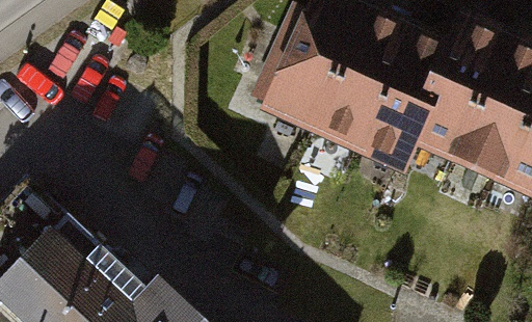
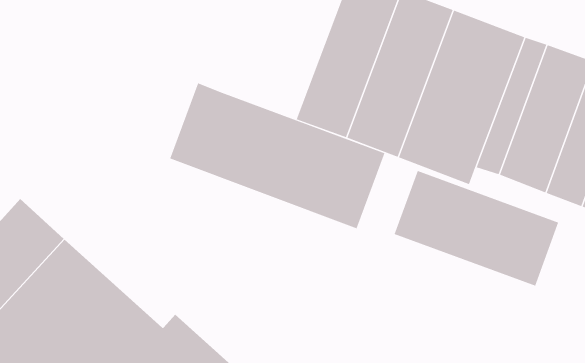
building: none -> [170,83,385,229]
building: none -> [394,170,559,287]

